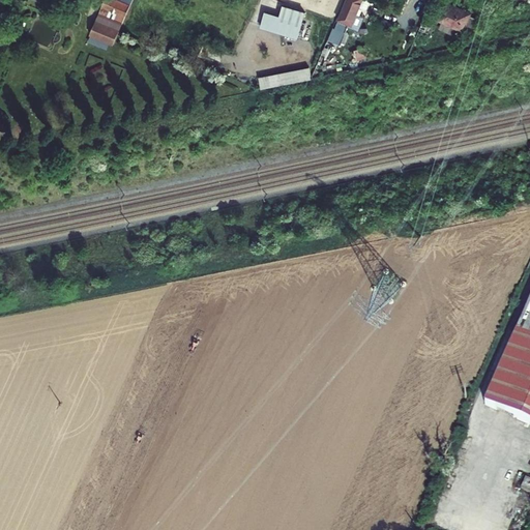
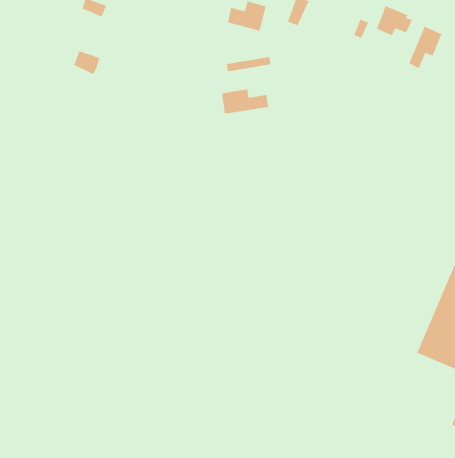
building: [89,18,120,46] -> [73,51,100,75]
building: none -> [408,26,442,69]
building: none -> [221,88,268,115]

